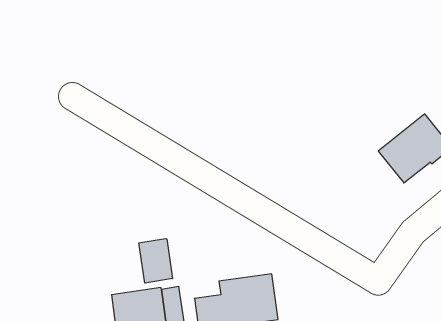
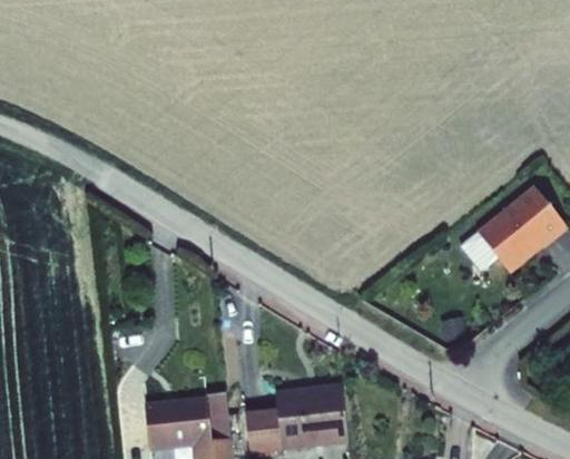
building: [139,239,173,283] -> none

